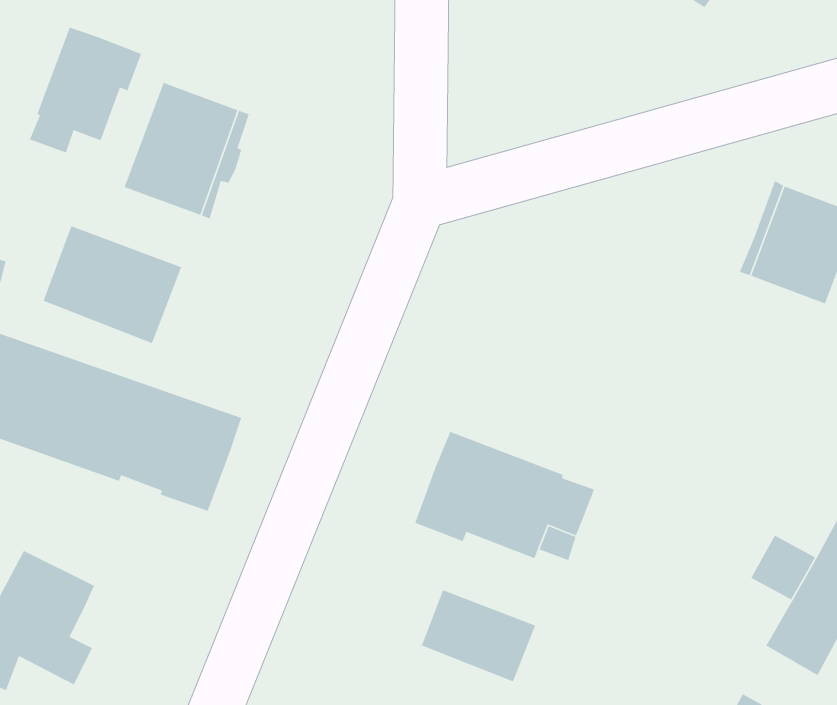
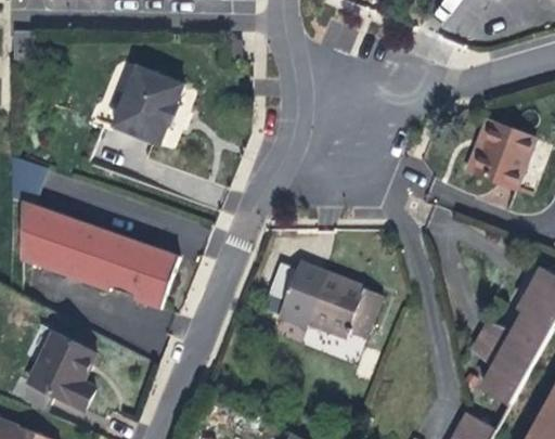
building: [29,27,142,153] -> none
building: [43,225,182,344] -> none
building: [421,589,536,683] -> none

